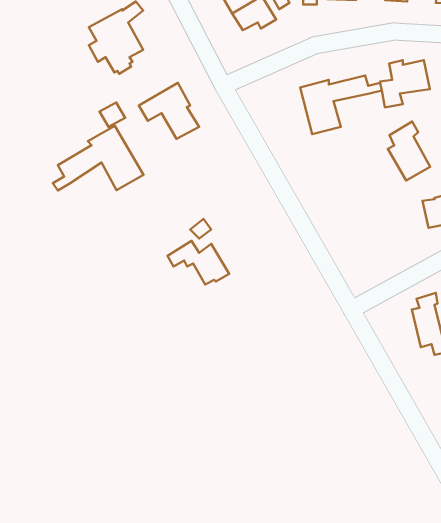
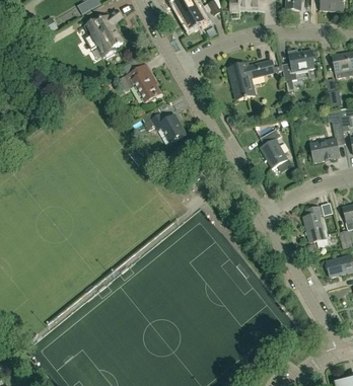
building: [388,121,430,180] -> [260,128,288,167]
building: [53,126,143,191] -> none
building: [167,241,229,285] -> [145,111,187,141]

